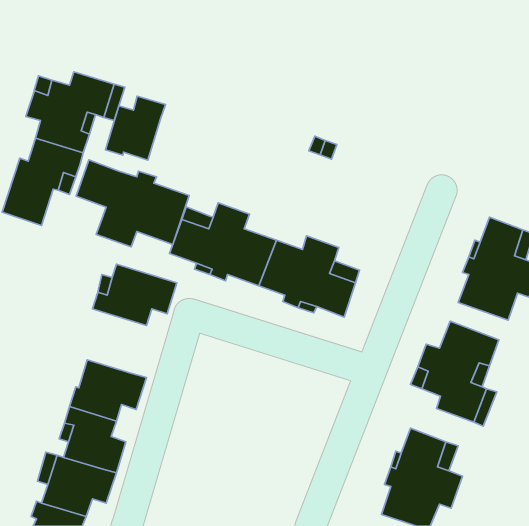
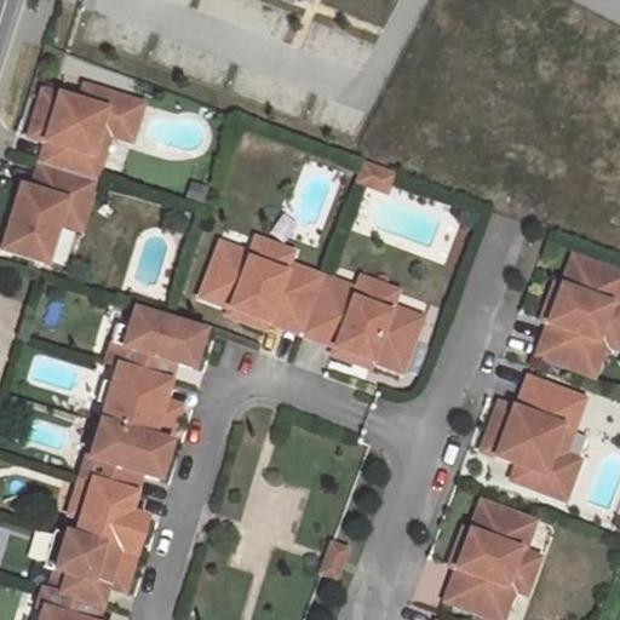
building: [105,96,166,160] -> none
building: [76,160,189,247] -> none
building: none -> [104,363,190,435]

